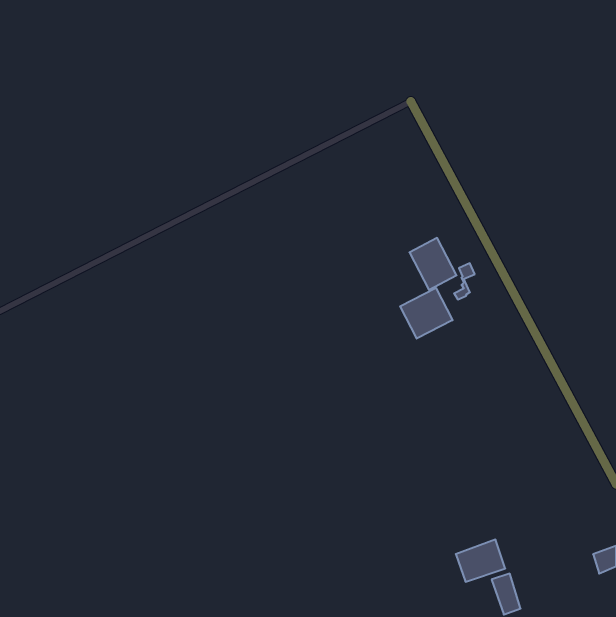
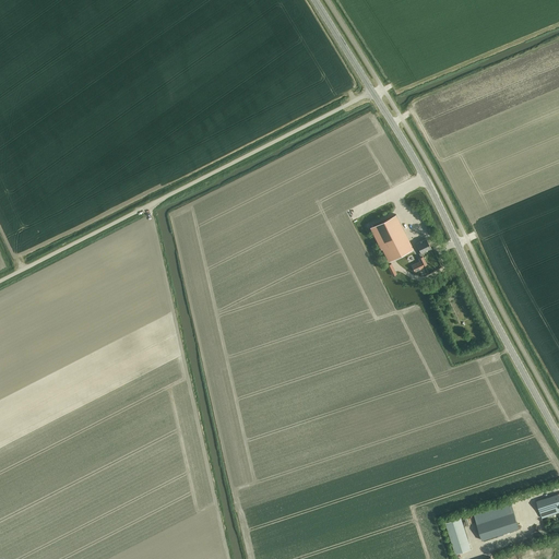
building: [400,288,453,339] -> none
building: [456,540,505,582] -> [473,502,518,540]

